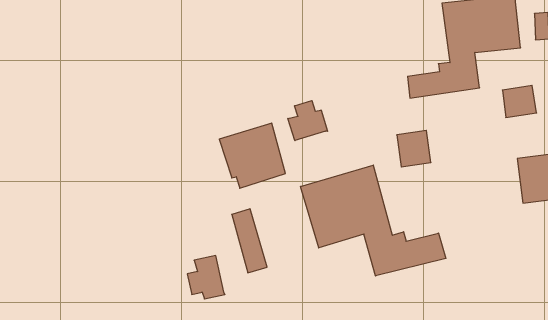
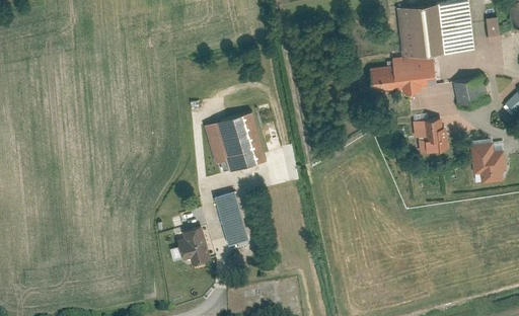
building: [288,101,328,141] -> none
building: [397,130,431,167] -> [415,118,445,151]
building: [301,165,446,276] -> none

